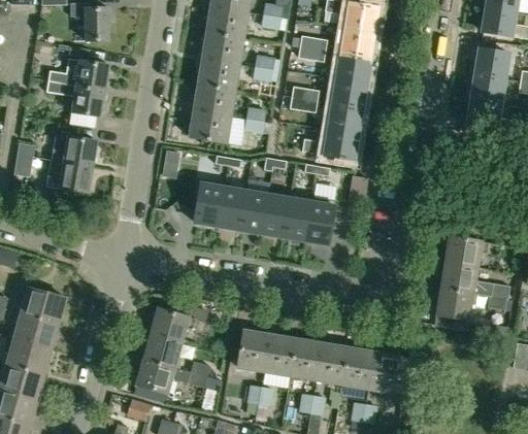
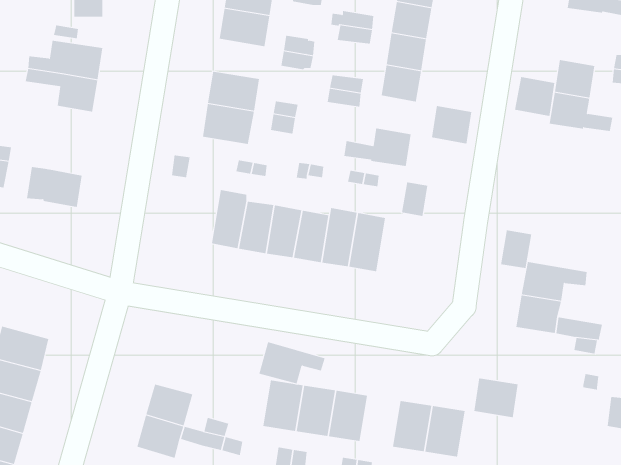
building: [475,46,508,78] -> [514,77,555,116]
building: [197,57,239,89] -> none
building: [328,102,361,133] -> [431,105,472,144]
building: [52,133,97,166] -> none
building: none -> [500,230,532,269]
building: [436,288,472,320] -> [474,378,518,418]
building: [151,307,204,341] -> [259,342,325,384]
building: [316,342,348,383] -> none

